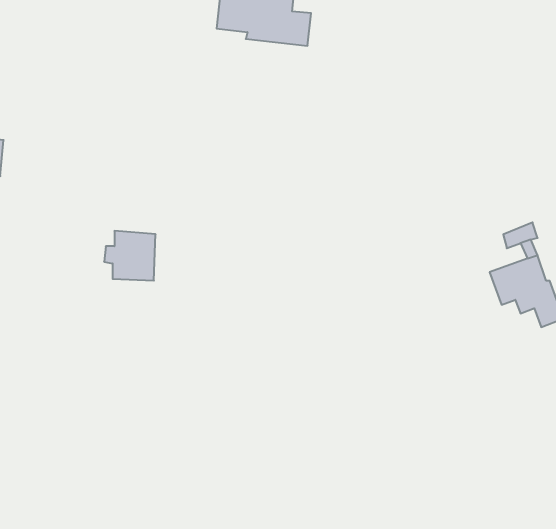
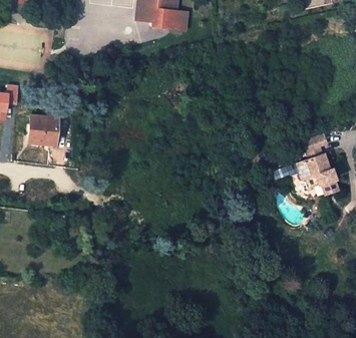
building: [104,231,156,281] -> [24,114,54,143]

